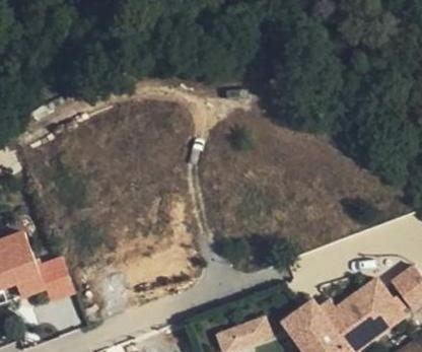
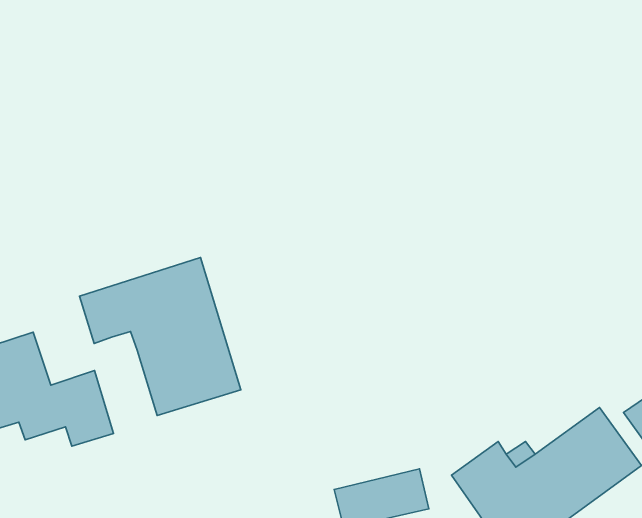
building: none -> [80,257,241,415]

